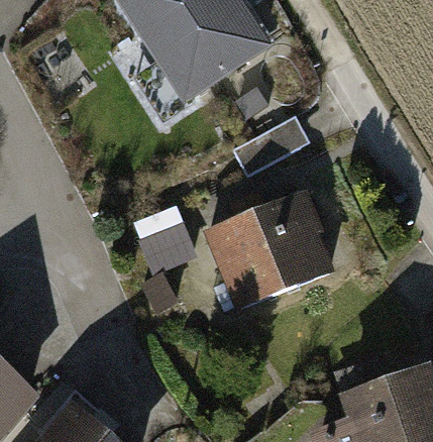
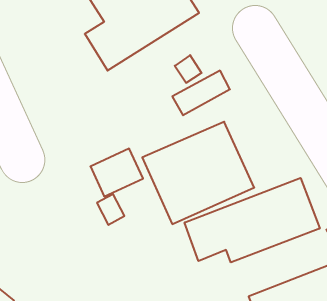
building: none -> [185,178,320,262]

